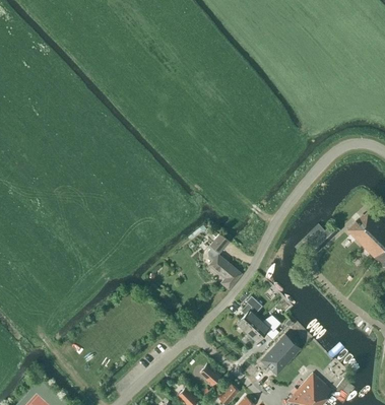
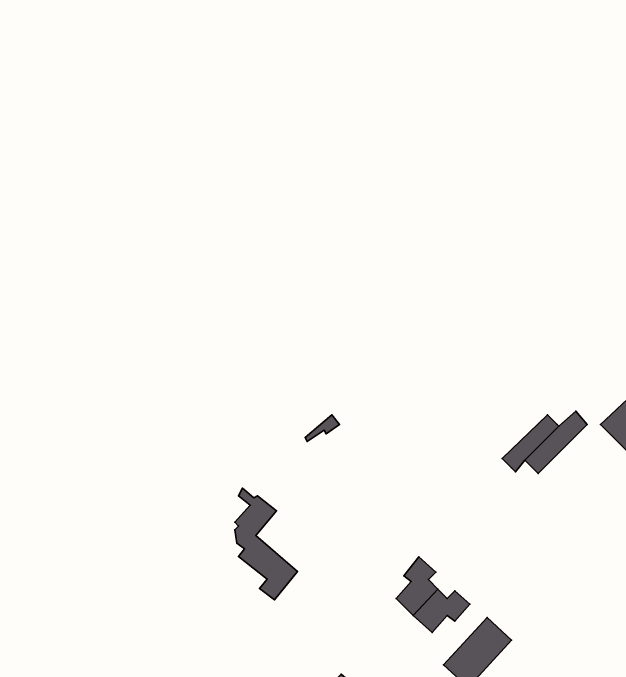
building: [207,229,241,289] -> [235,488,297,600]

